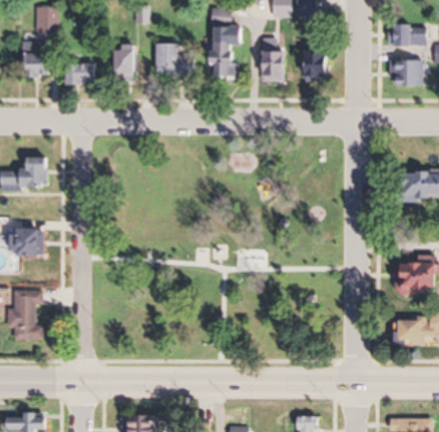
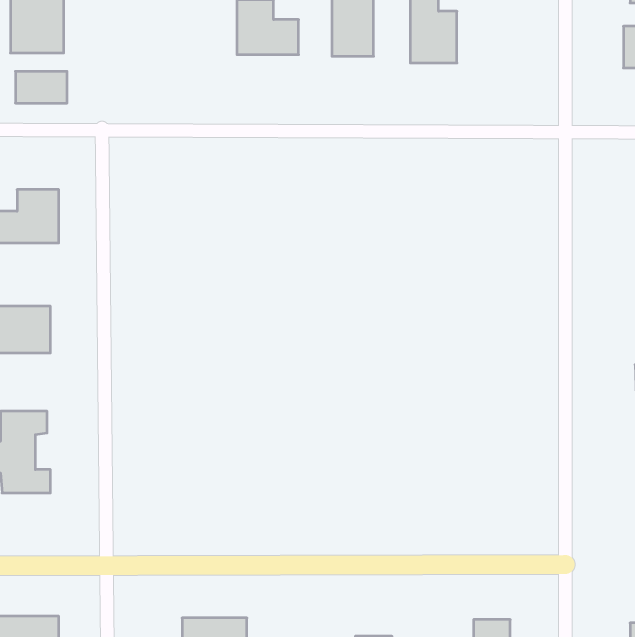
building: [113,49,135,78] -> none
building: [301,50,332,78] -> none
building: [65,64,96,83] -> [15,71,67,103]

